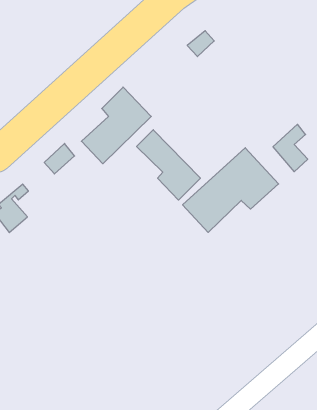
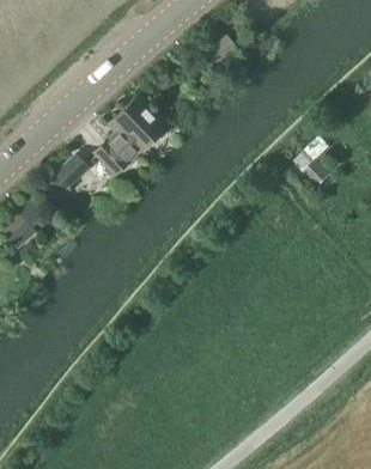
building: [137,130,200,200] -> none
building: [183,148,279,232] -> none

